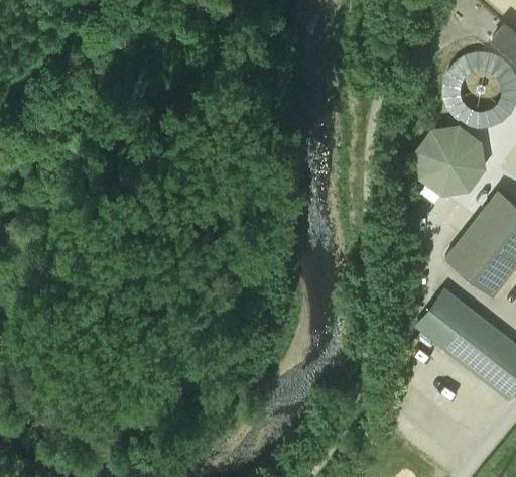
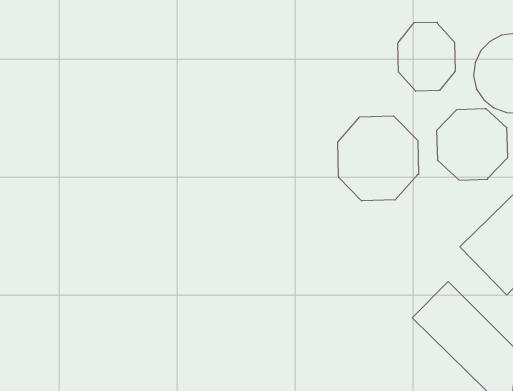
building: none -> [398,22,455,91]
building: none -> [338,116,419,201]

